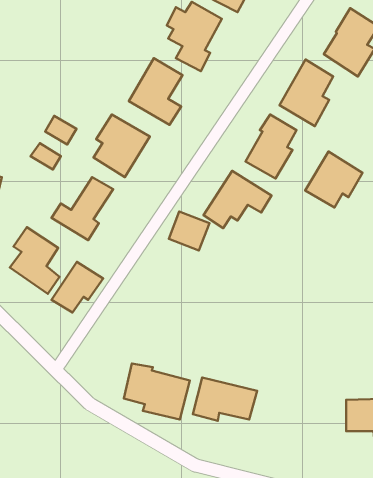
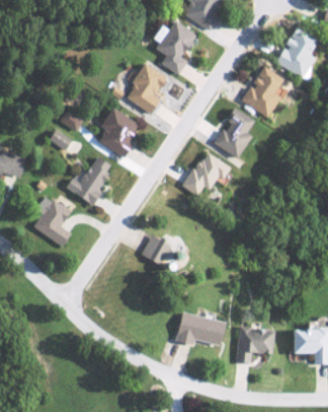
building: [305,152,363,208] -> none
building: [169,211,209,251] -> [142,235,173,266]
building: [52,262,103,313] -> none
building: [124,363,190,420] -> none
building: none -> [238,326,276,363]

